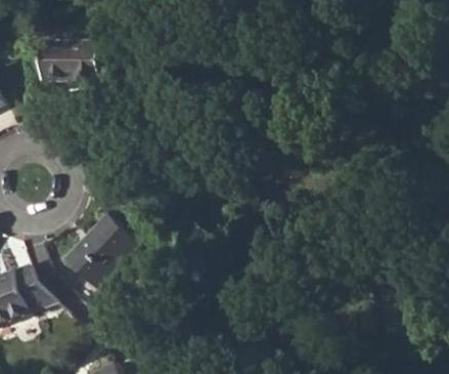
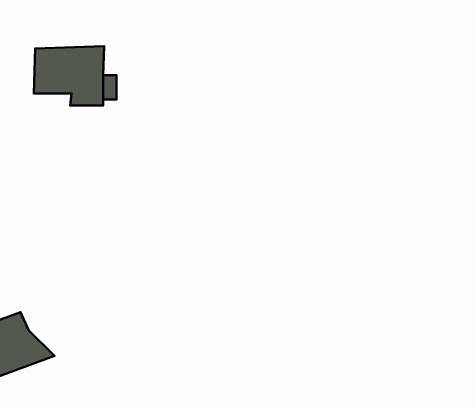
building: [64,214,138,288] -> none

